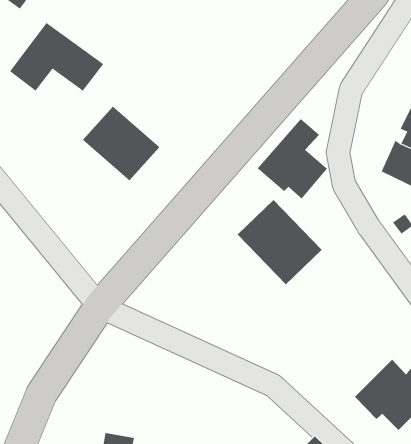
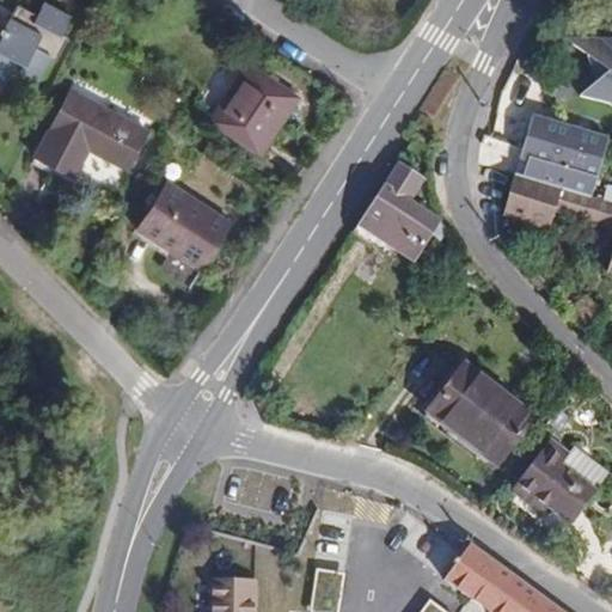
building: none -> [210,63,299,154]
building: [237,199,322,285] -> [428,363,534,465]

